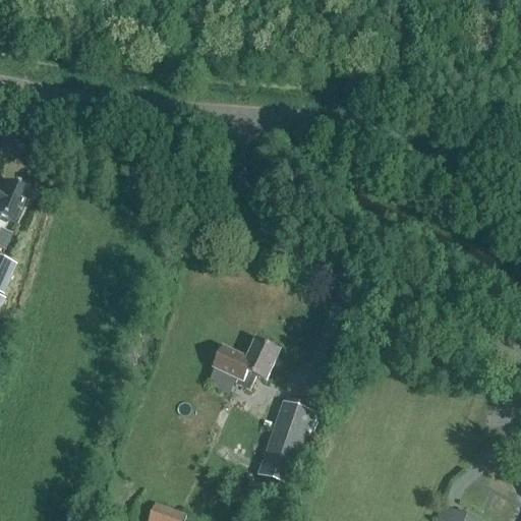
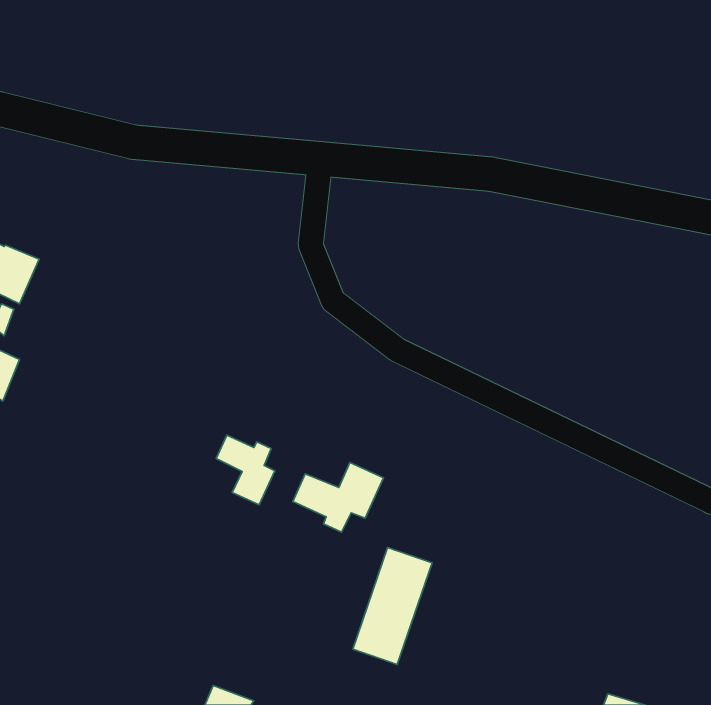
building: none -> [216,435,275,505]

